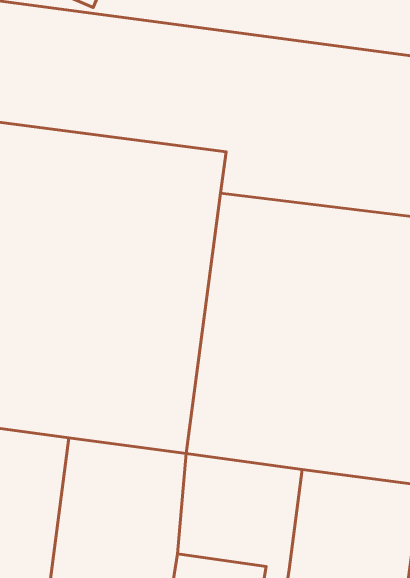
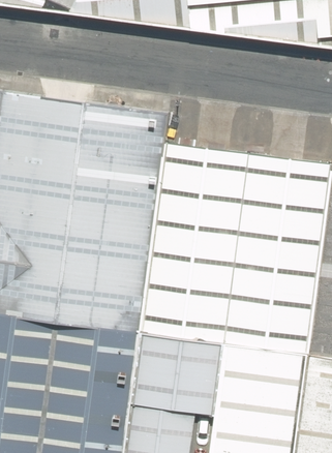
building: none -> [132,332,222,416]

